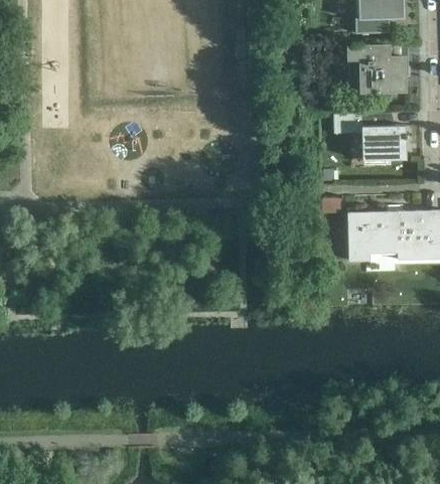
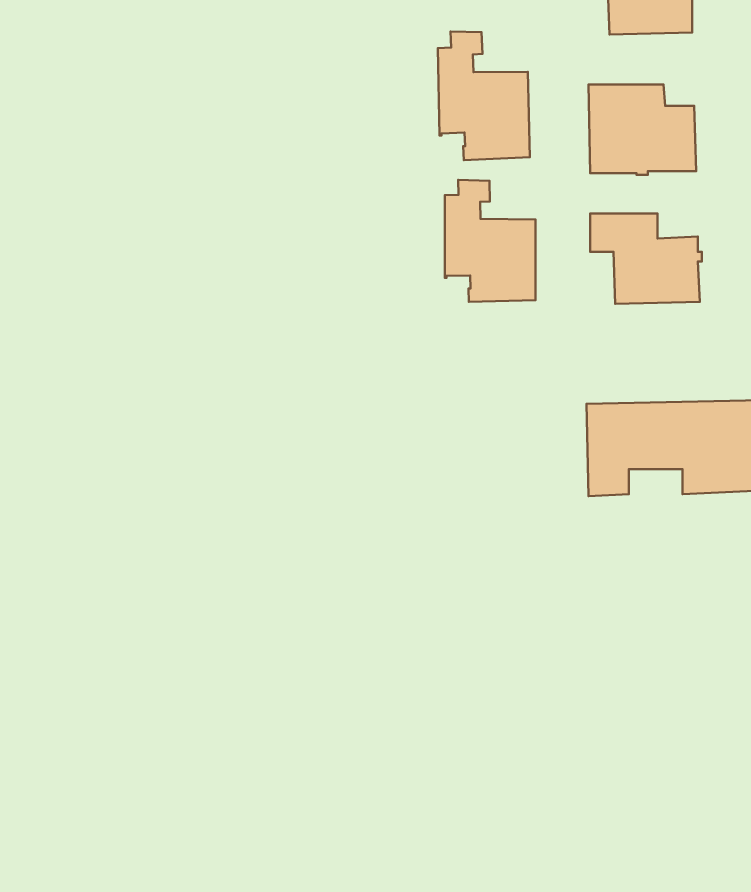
building: none -> [438,32,530,160]
building: none -> [445,180,535,302]

